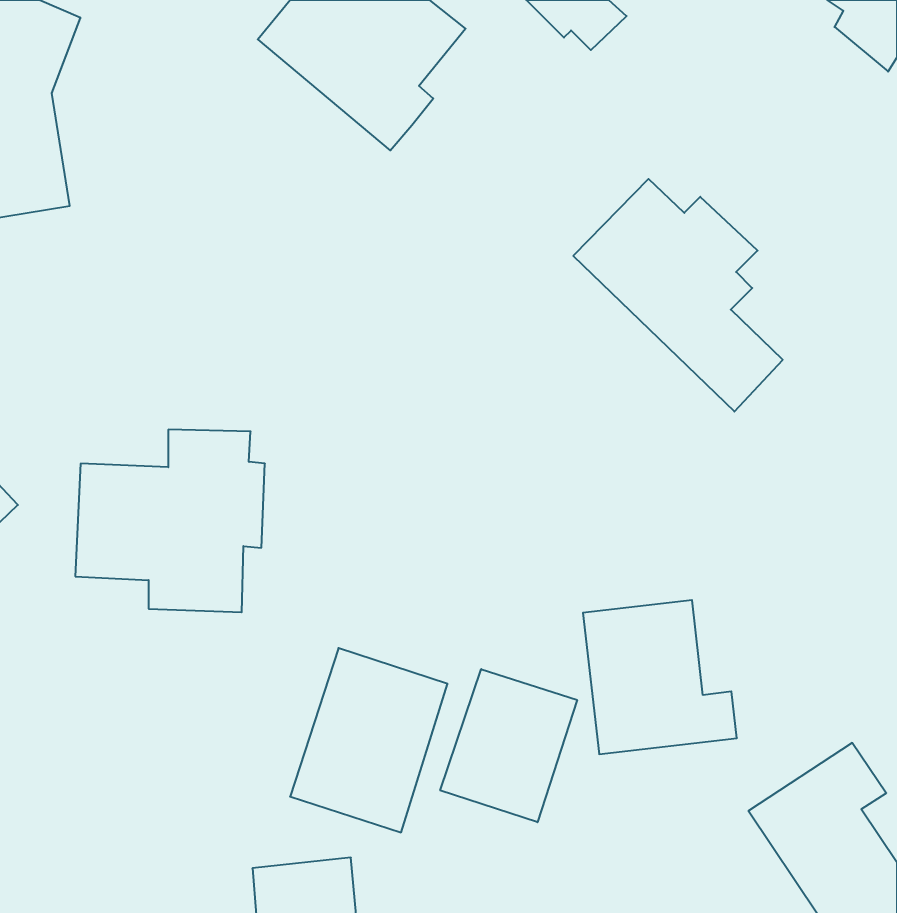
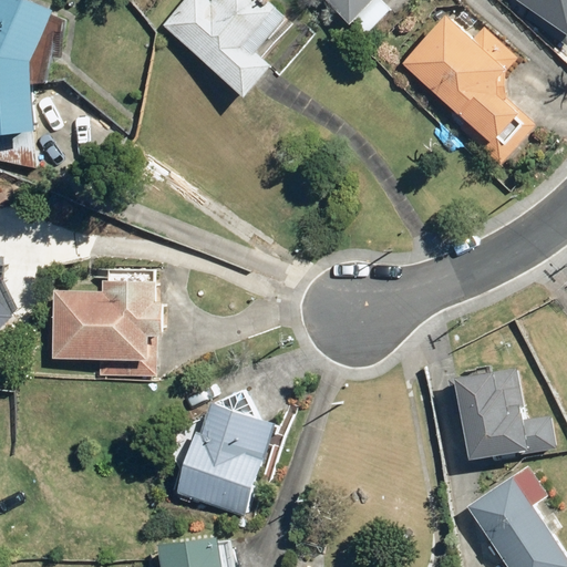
building: [573,179,783,412] -> [400,16,529,159]
building: [583,600,737,754] -> [454,361,549,456]
building: [440,669,577,822] -> none

